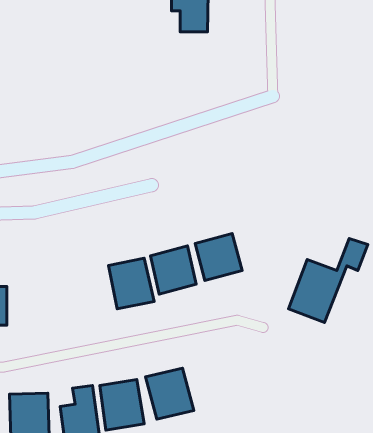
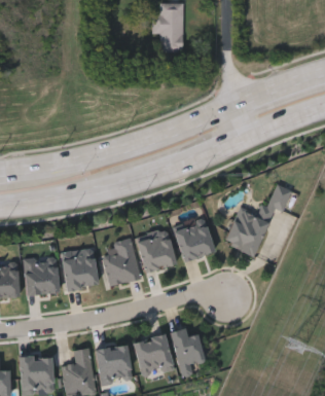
building: [289,238,368,323] -> [225,184,291,254]
building: none -> [61,247,98,289]
building: none -> [24,257,58,294]
building: none -> [170,327,203,376]

